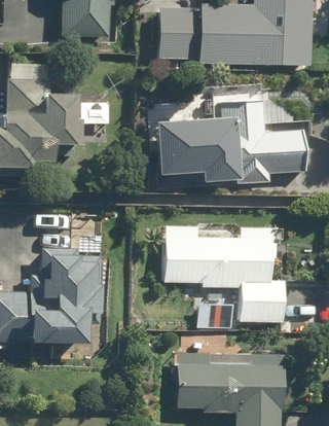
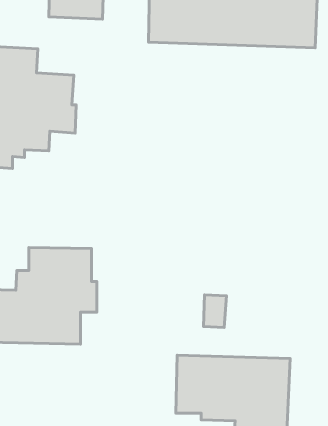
building: [174,101,308,183] -> none
building: [160,236,287,324] -> none

